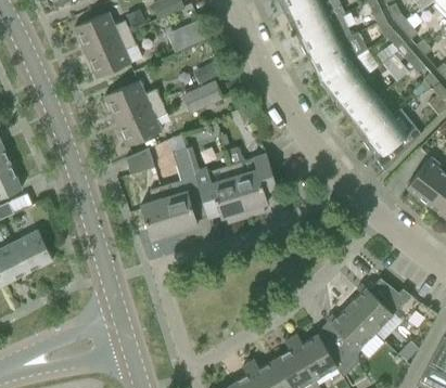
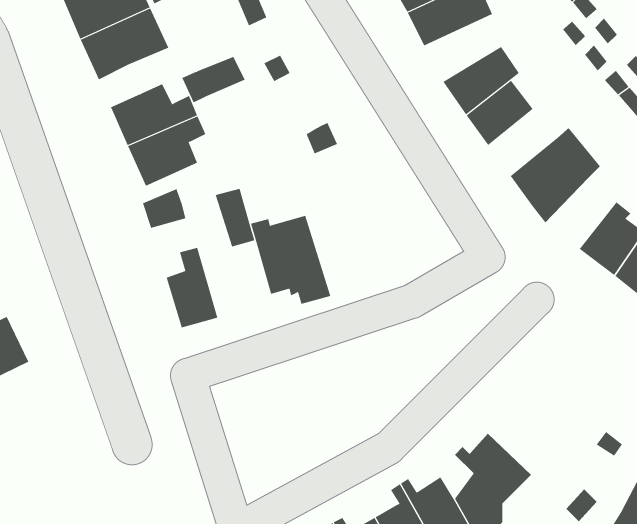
building: [306,34,367,80] -> none
building: [181,82,222,113] -> [181,56,245,103]
building: [347,98,392,141] -> none
building: [230,154,276,218] -> none
building: [161,183,197,232] -> none
building: [347,279,411,333] -> none

